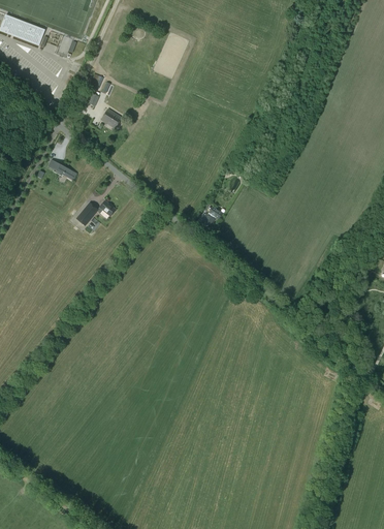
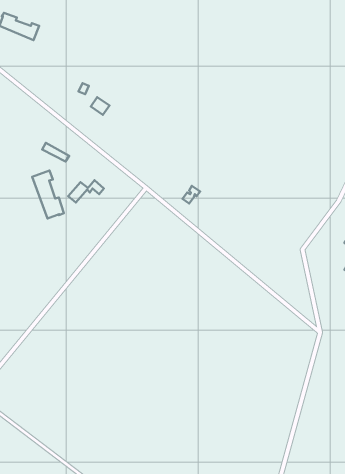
building: none -> [32,171,64,218]

